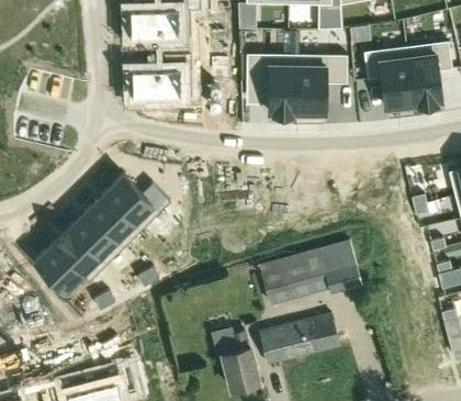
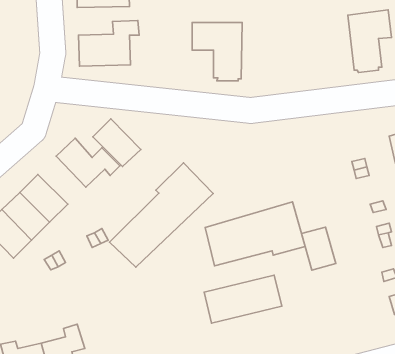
building: [364,47,414,108] -> none
building: [297,55,348,113] -> none
building: [88,193,137,243] -> [93,119,141,167]
building: none -> [110,163,213,267]
building: none -> [301,227,336,270]
building: [223,333,259,391] -> none

